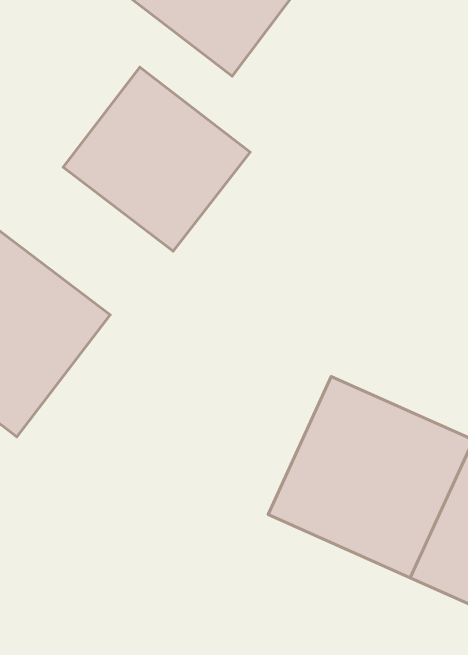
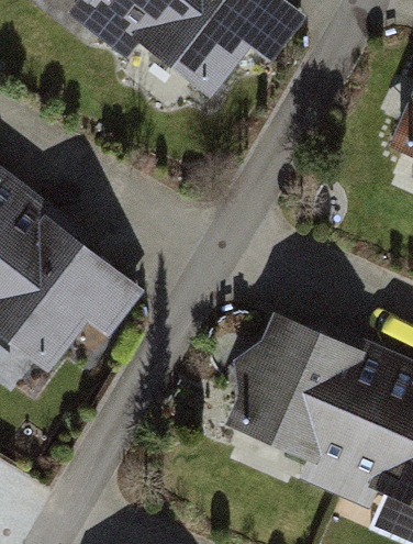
building: [63,67,250,251] -> none

